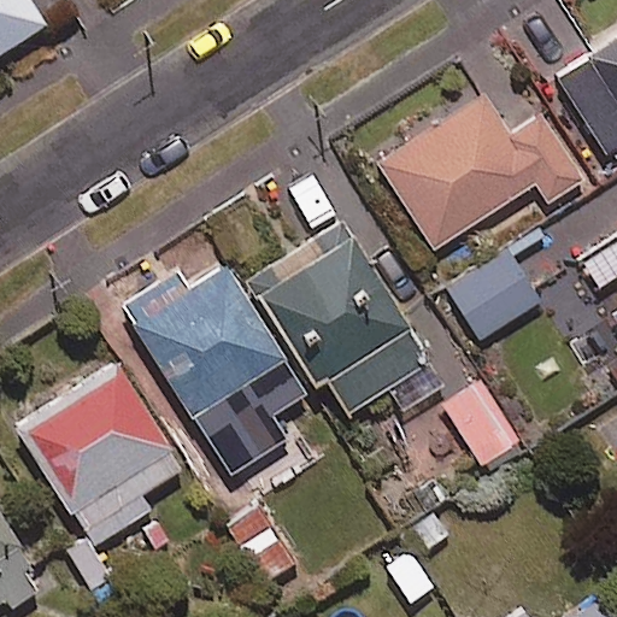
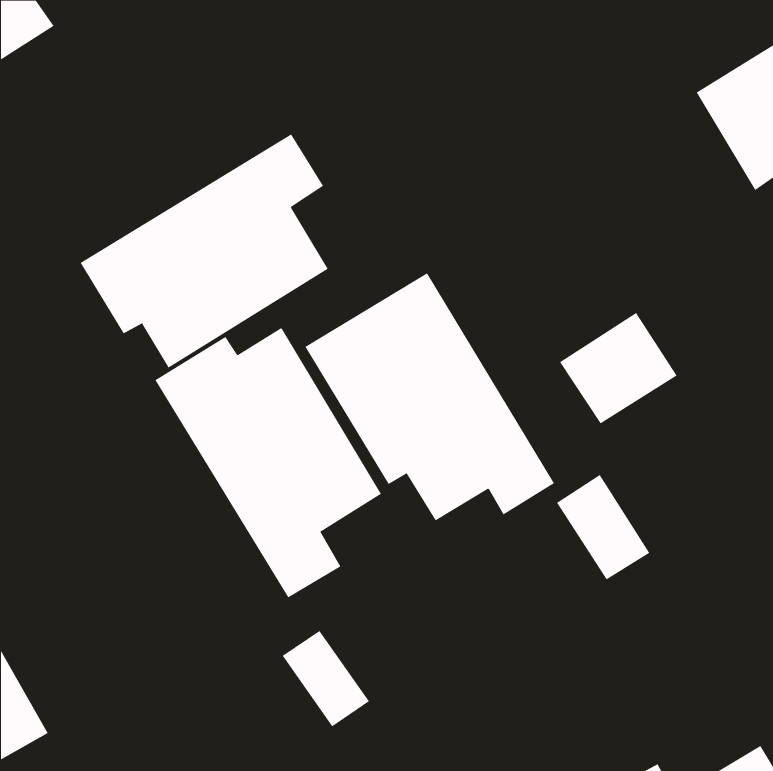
building: [376,93,583,251] -> none
building: none -> [80,133,328,368]
building: [23,369,181,546] -> none

